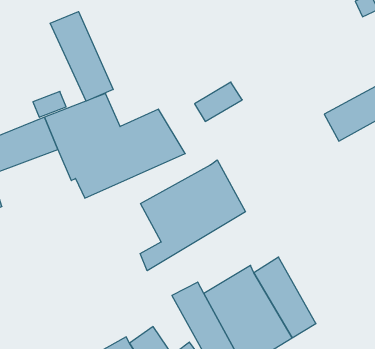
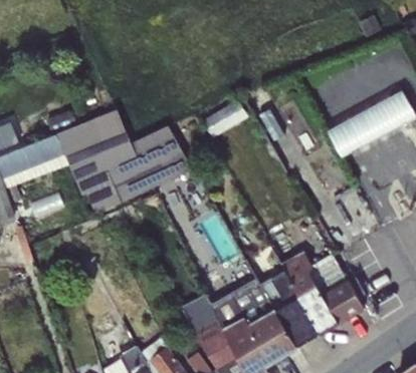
building: [50,12,113,101] -> none
building: [140,160,245,271] -> none
building: none -> [280,251,364,333]

